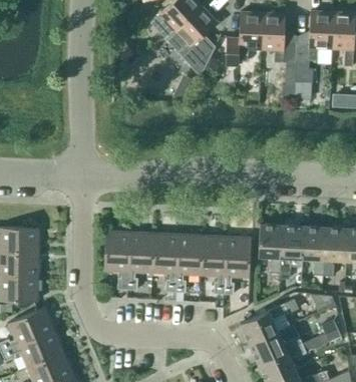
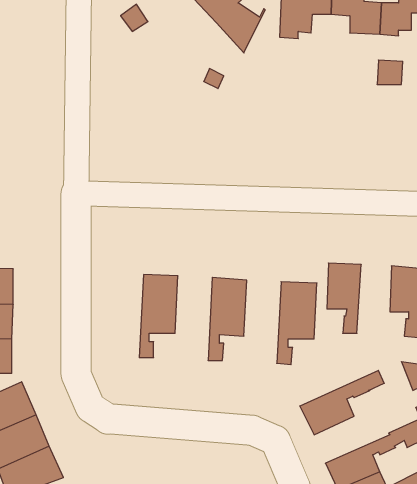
building: [280,225,304,274] -> none
building: [104,231,130,290] -> none
building: [152,233,179,292] -> none
building: [201,236,227,294] -> none
building: [250,331,303,364] -> none

